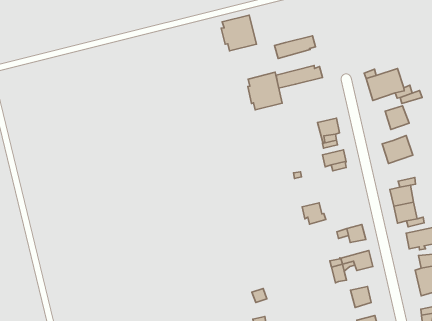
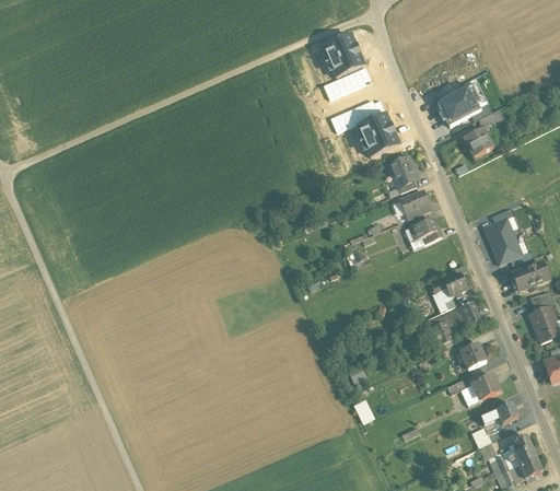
building: [221,15,257,51] -> [322,34,365,79]
building: [248,72,282,110] -> [355,112,399,159]
building: [382,136,413,164] -> none
building: [302,203,326,224] -> [412,218,442,244]

